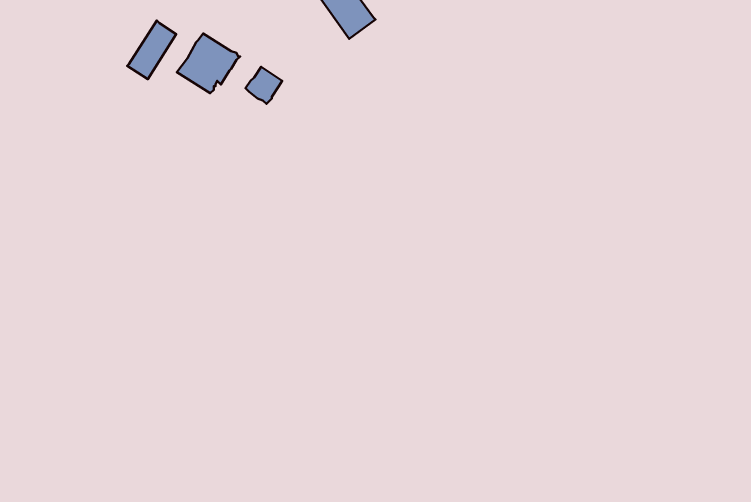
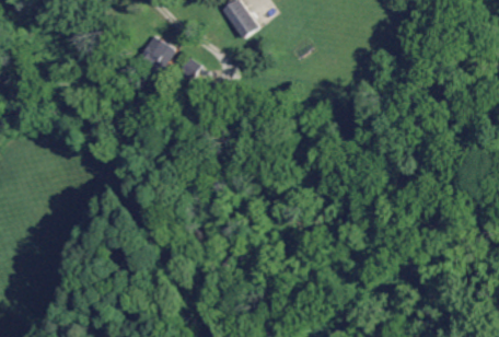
building: [127,21,176,79] -> none

